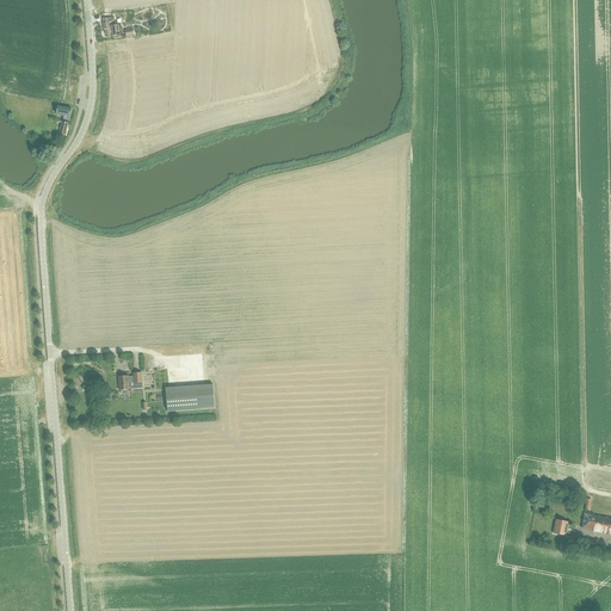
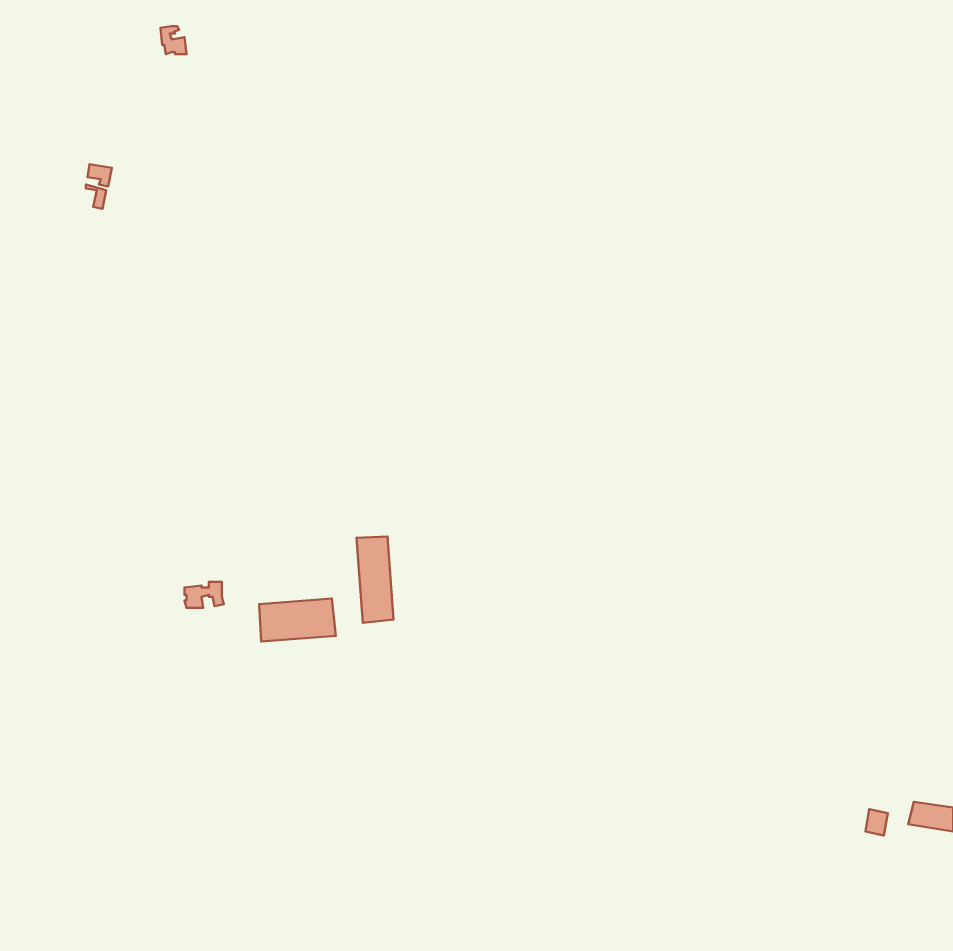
building: none -> [356,536,393,623]

